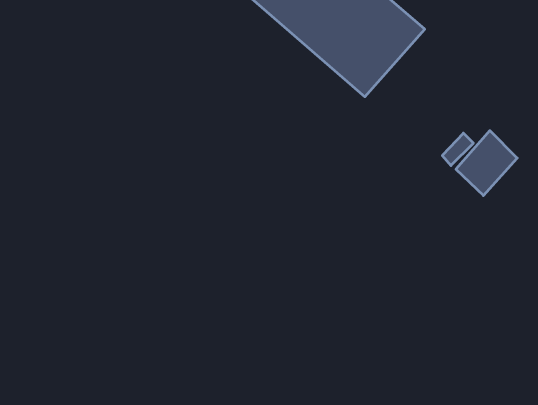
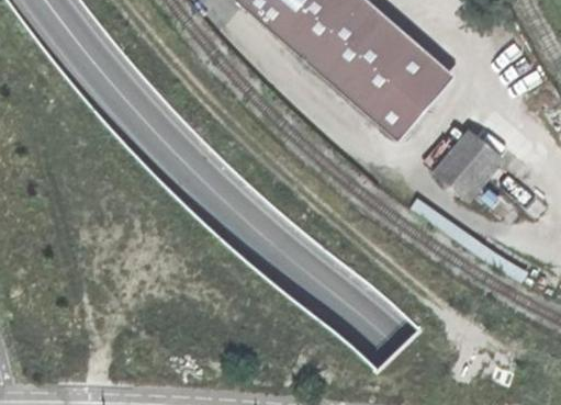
building: none -> [364,46,445,131]

